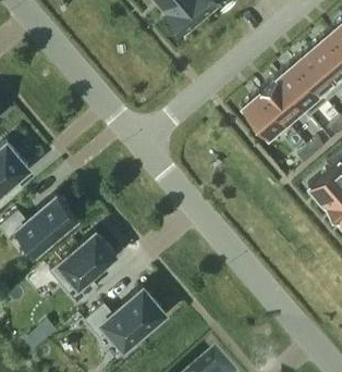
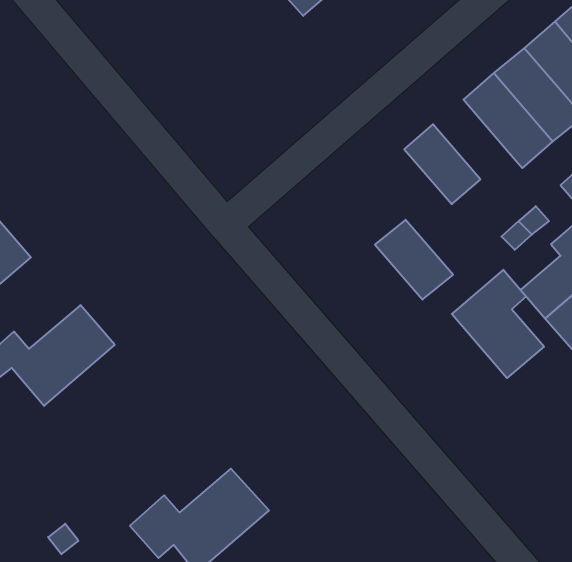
building: [257,78,302,124] -> [375,220,453,300]
building: none -> [452,270,544,378]
building: [49,233,114,305] -> none

